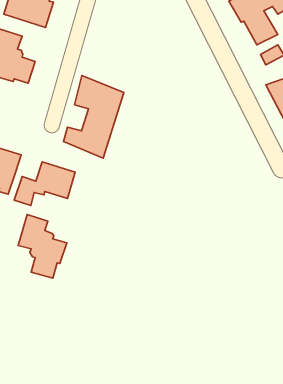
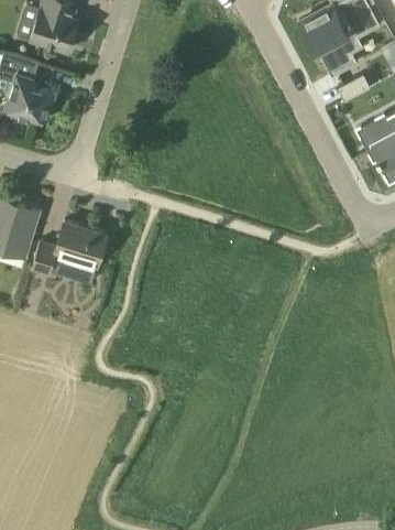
building: [64,75,124,158] -> none
building: [18,215,67,278] -> none

